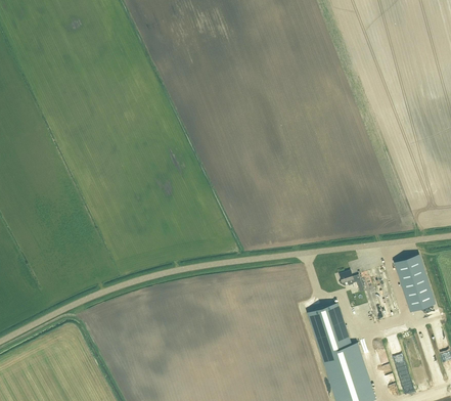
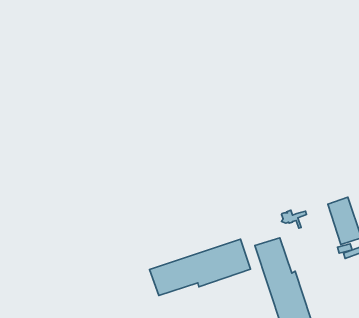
building: none -> [150,239,251,296]

